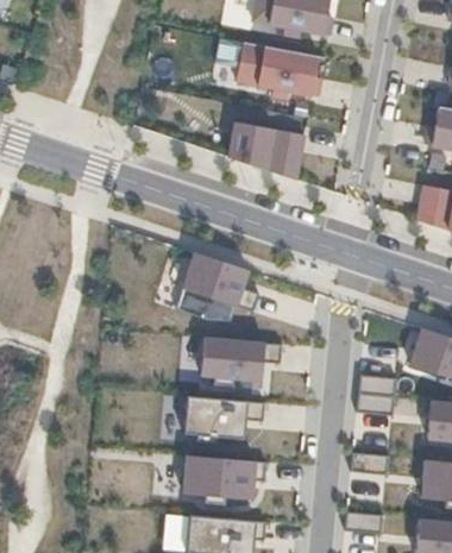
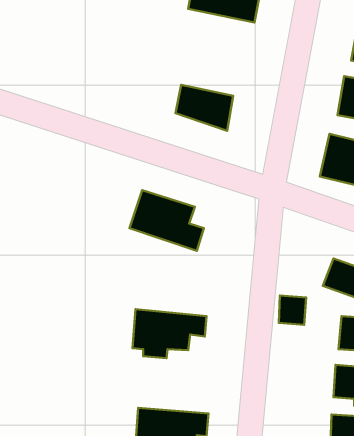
building: [233,43,326,103] -> none
building: [197,333,289,390] -> none
building: [178,453,271,510] -> none

